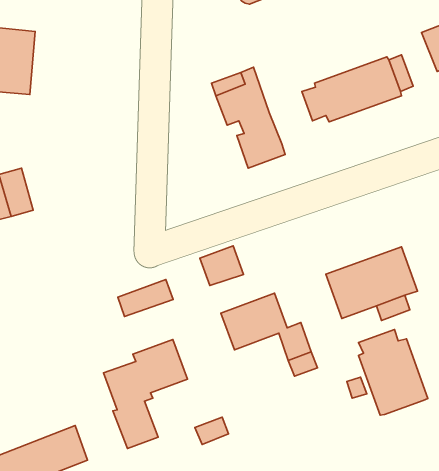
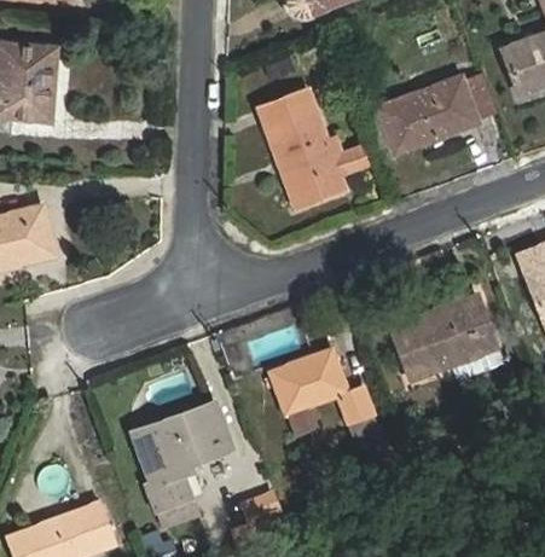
building: [200,246,244,286] -> none
building: [118,280,173,317] -> none
building: [359,329,428,415] -> none

